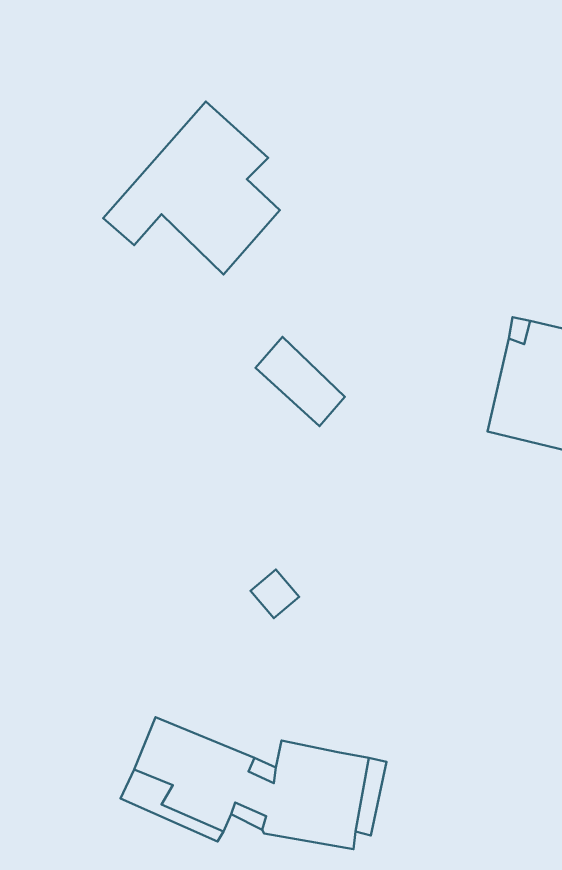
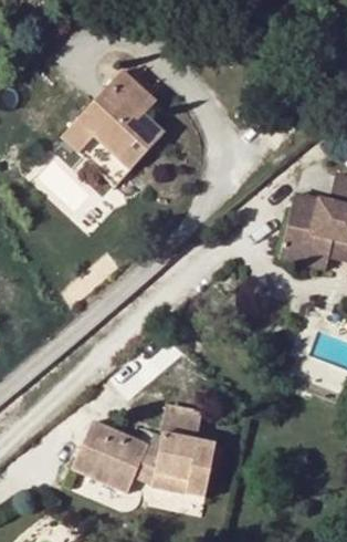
building: [255,337,345,426] -> [80,134,130,185]
building: none -> [164,403,202,440]

